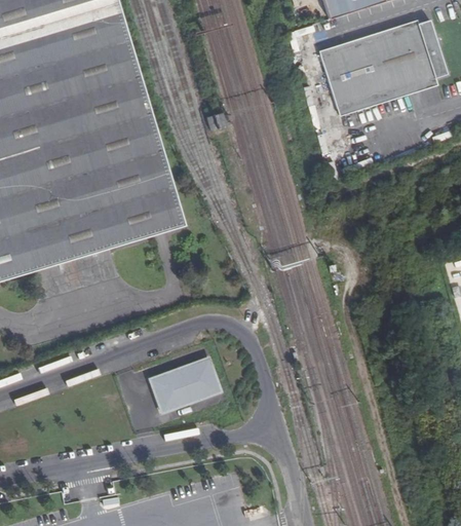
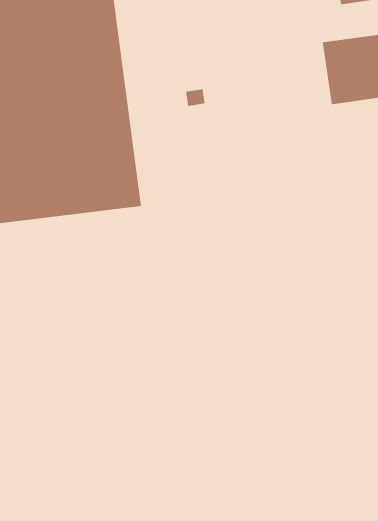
building: [149,356,219,410] -> none

